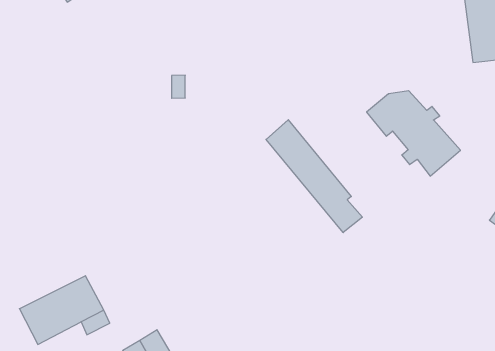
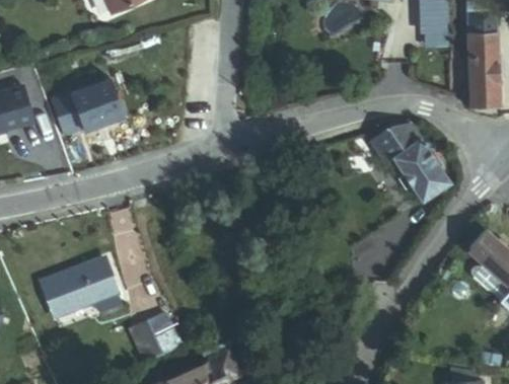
building: none -> [53,80,124,136]
building: [266,120,362,233] -> none

